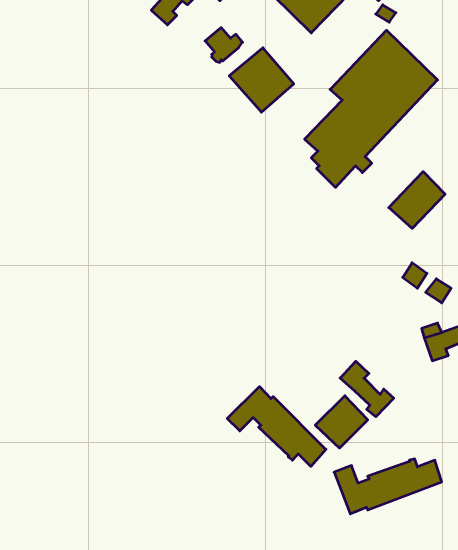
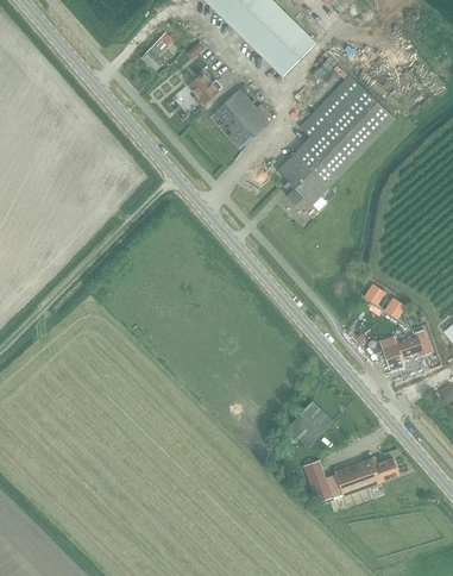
building: [389,172,445,228] -> none
building: [340,361,394,417] -> none
building: [227,387,326,466] -> none

